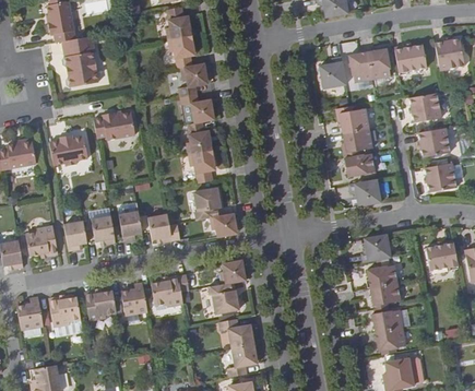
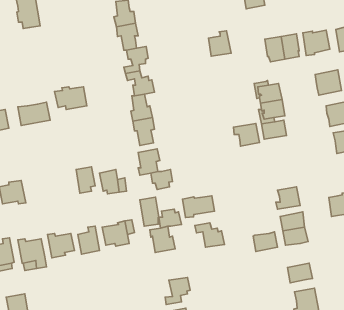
building: [61,35,98,90] -> none
building: [319,57,346,87] -> [209,31,231,56]
building: [349,179,381,206] -> [233,124,259,146]
building: [91,215,116,245] -> none
building: [63,221,87,251] -> none
building: none -> [183,196,215,218]
building: none -> [140,197,159,226]
building: [372,308,402,332] -> [253,232,277,252]
building: [218,318,254,347] -> [195,223,224,247]

